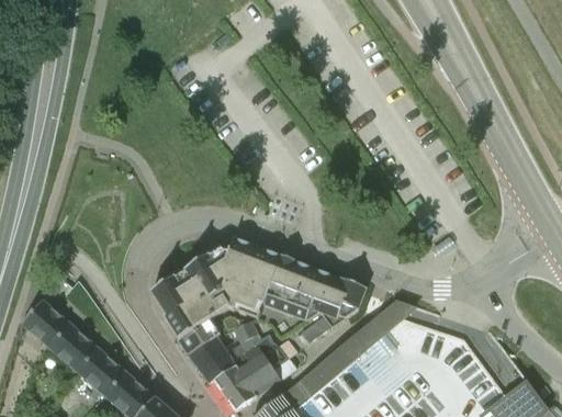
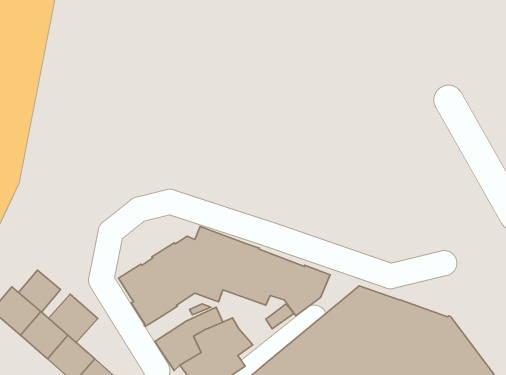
building: none -> [19,270,60,312]
building: none -> [48,294,98,343]
building: [179,320,221,357] -> none

